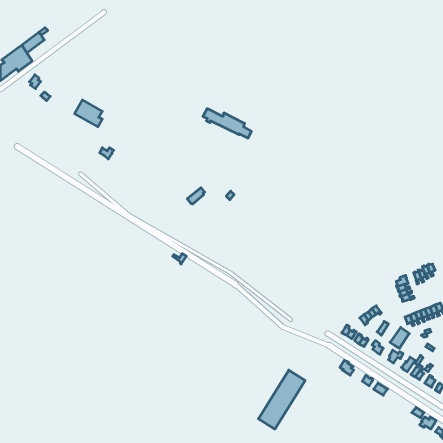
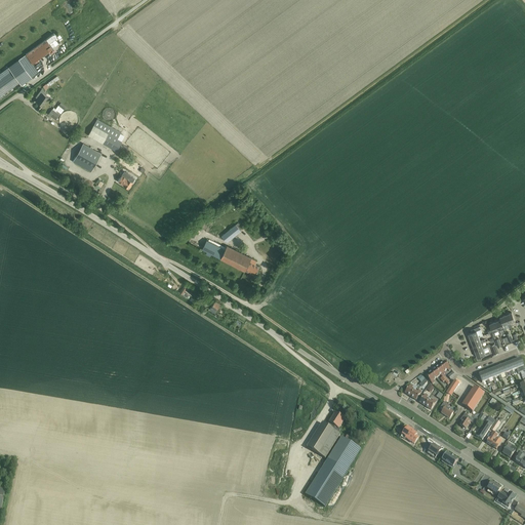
building: [203,109,251,138] -> [202,239,259,274]
building: none -> [73,143,100,170]
building: none -> [307,412,345,458]

